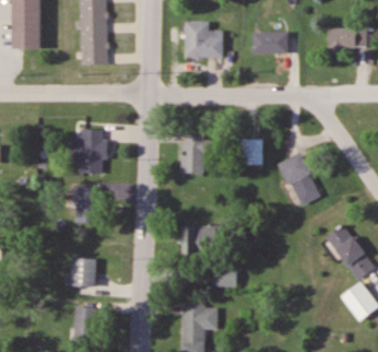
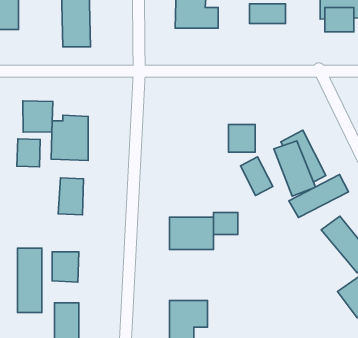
building: none -> [23,101,53,132]
building: [179,140,211,177] -> none
building: none -> [17,139,40,167]
building: none -> [240,157,273,195]
building: none -> [289,175,349,218]
building: none -> [17,248,42,313]
building: [212,271,235,292] -> [213,212,238,234]

